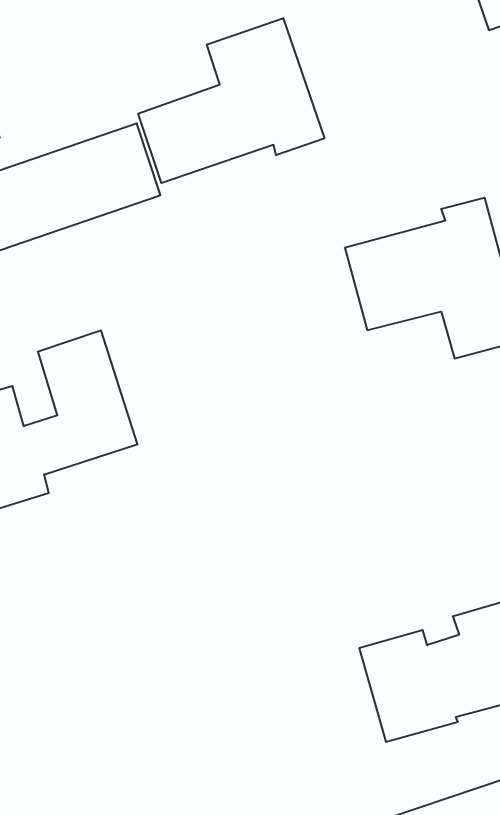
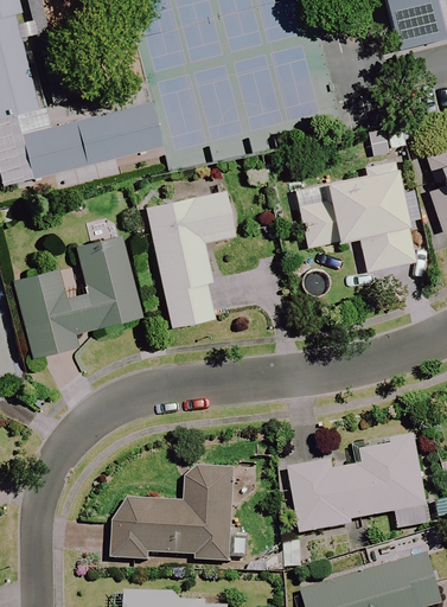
building: [138,18,324,183] -> none
building: none -> [145,190,234,327]
building: none -> [110,464,232,561]

